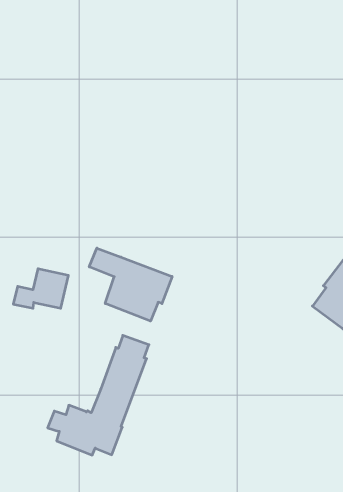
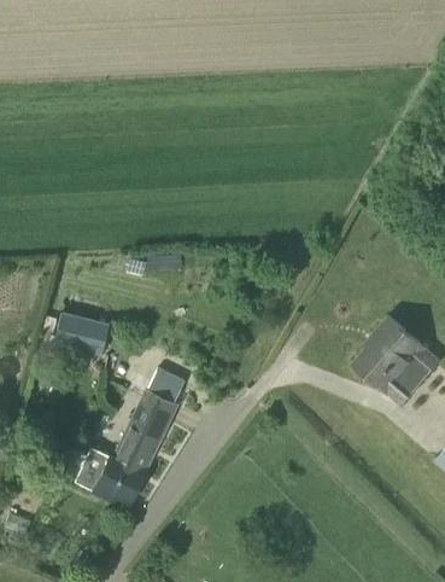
building: [89,248,172,321] -> none

